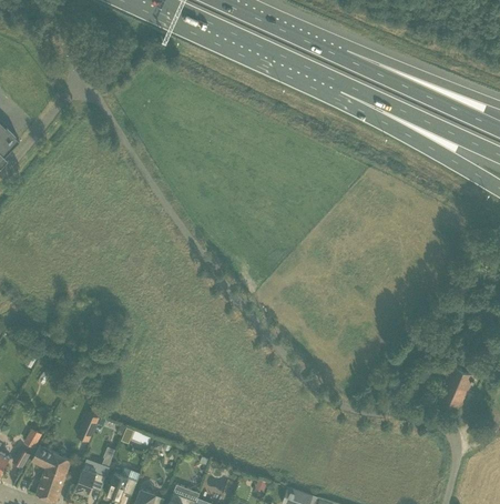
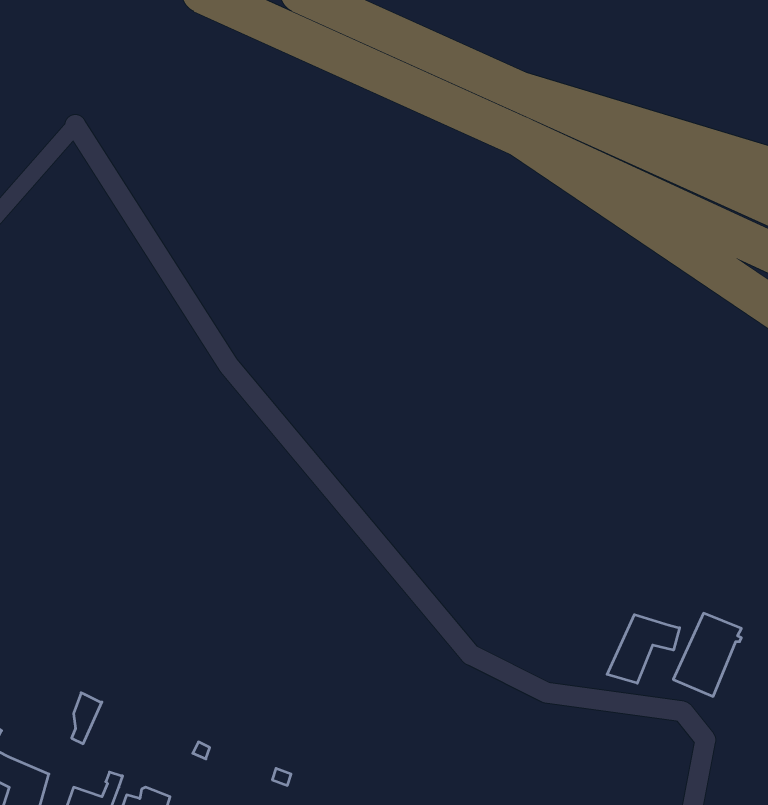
building: none -> [607,615,680,683]

